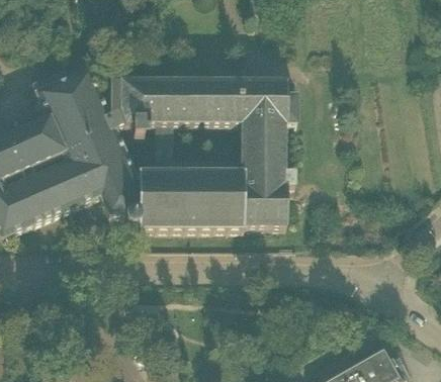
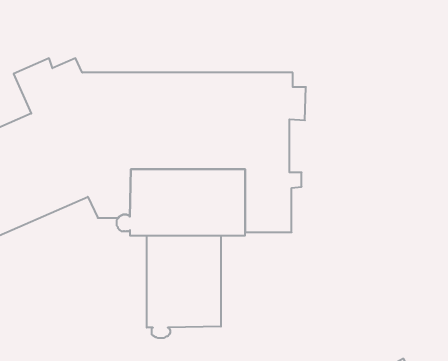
building: none -> [147,236,221,338]

